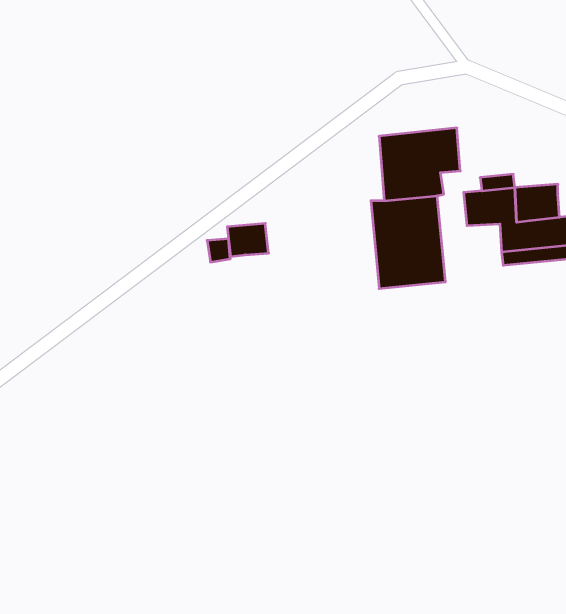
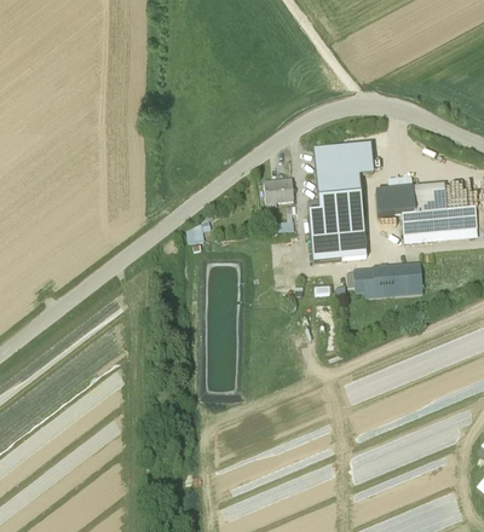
building: [227,223,269,256] -> [265,178,295,202]
building: none -> [353,262,424,291]

